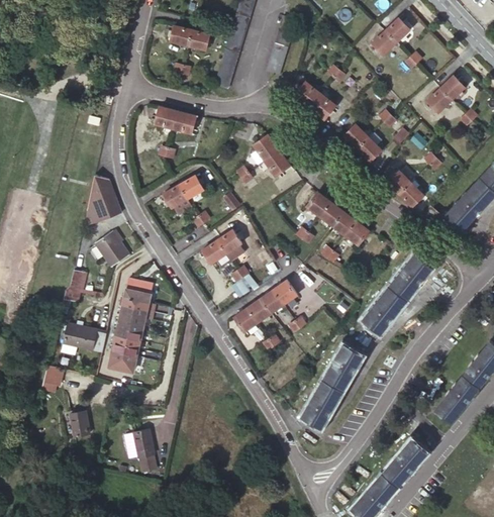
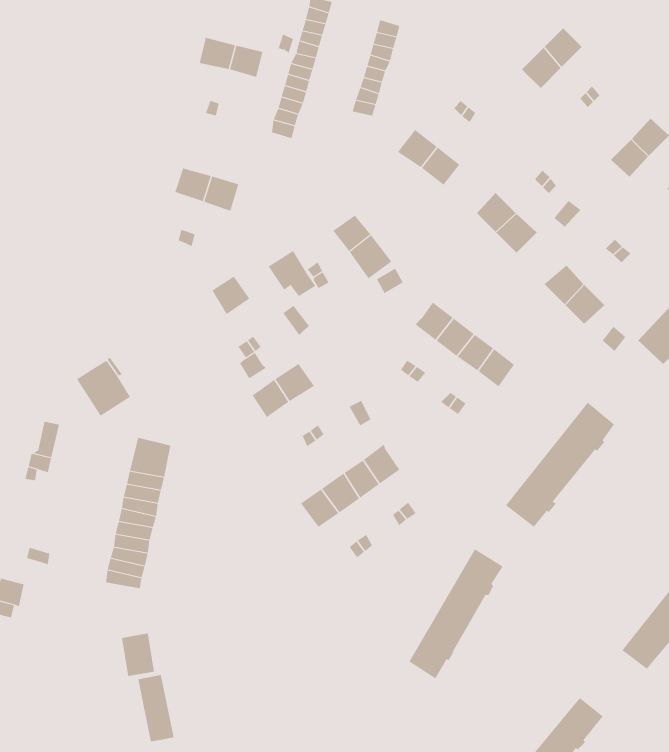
building: [87,176,121,222] -> none
building: [162,185,192,214] -> [268,250,316,297]
building: [61,319,106,349] -> none
building: [67,406,88,433] -> [121,633,155,677]

